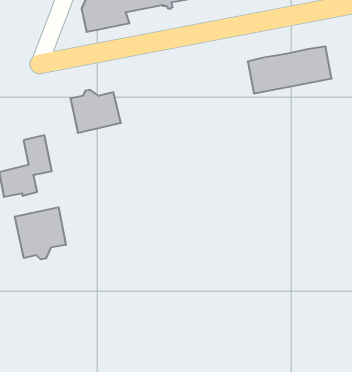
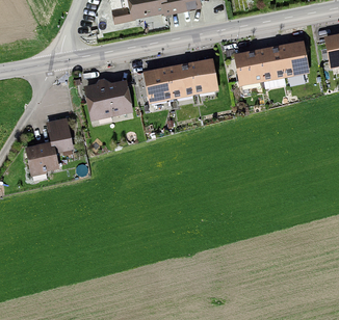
building: none -> [147,63,217,101]
building: [15,207,66,259] -> none

